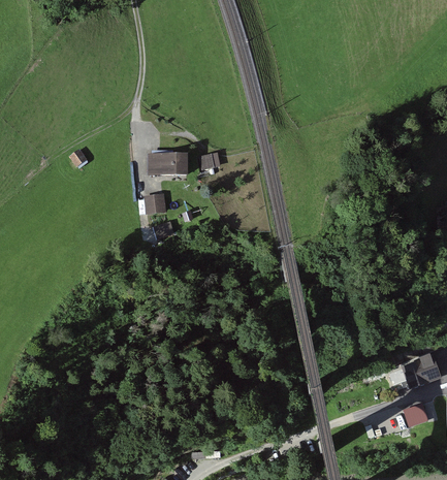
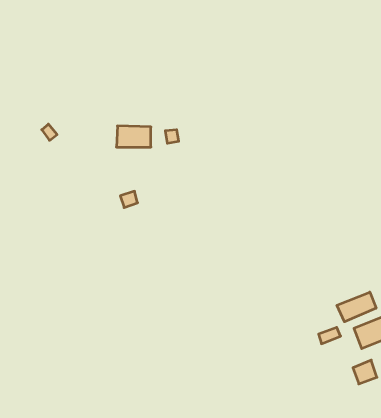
building: [141,193,165,213] -> none
building: none -> [337,292,376,322]

